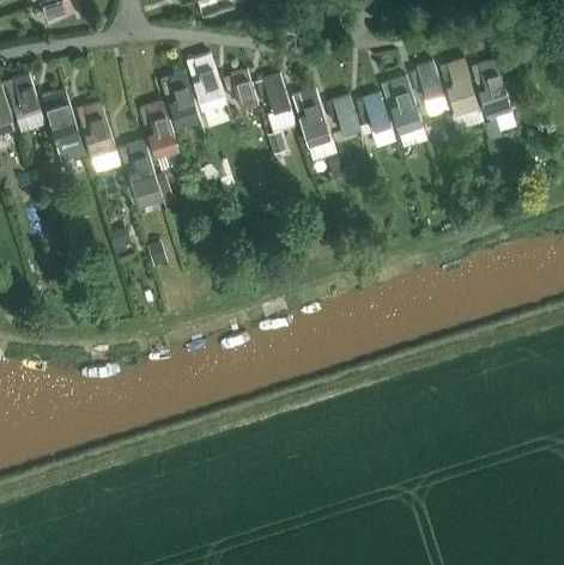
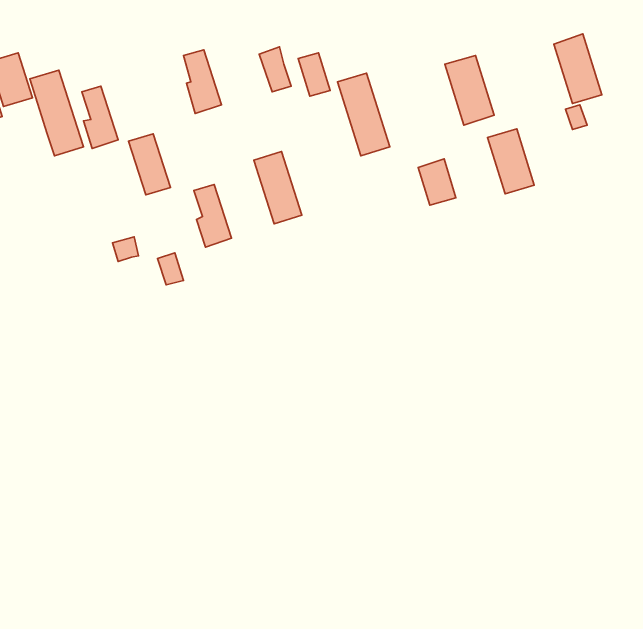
building: [187,55,226,115] -> [254,151,302,224]
building: [442,60,480,114] -> [488,129,534,194]
building: [412,63,444,102] -> none
building: [358,93,389,132] -> [418,159,456,205]
building: [326,96,359,132] -> none
building: [145,103,176,154] -> [194,185,231,247]

